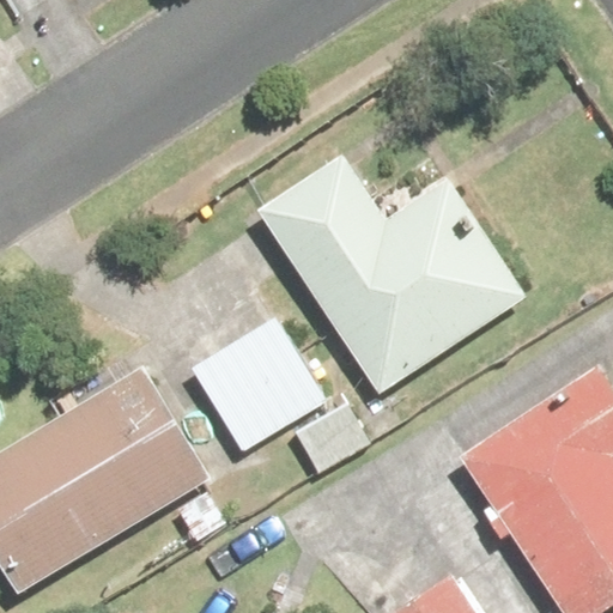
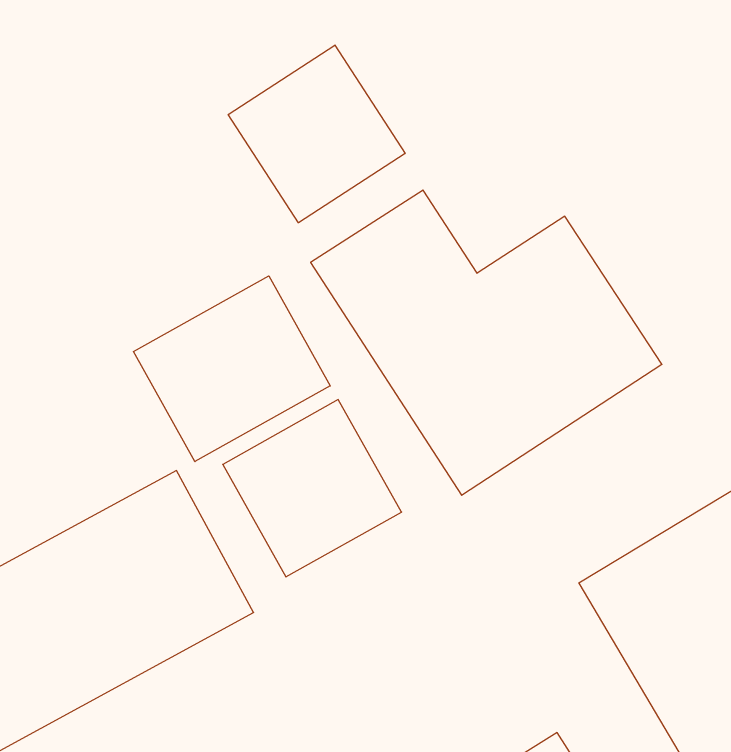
building: none -> [228,45,405,223]
building: none -> [133,276,330,462]

